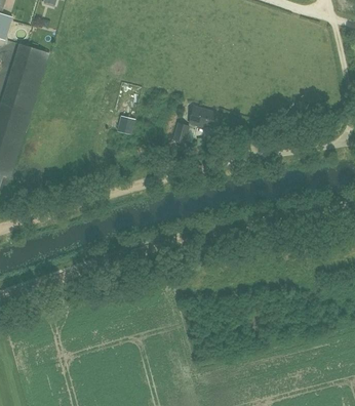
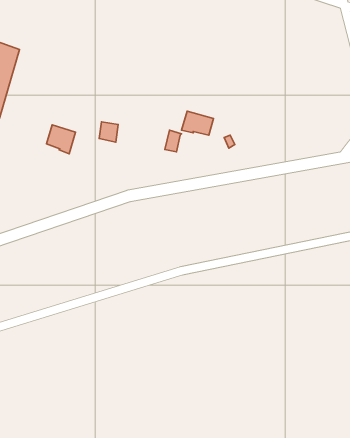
building: none -> [47,125,75,154]

